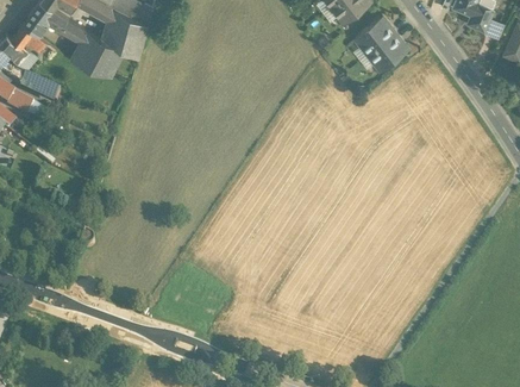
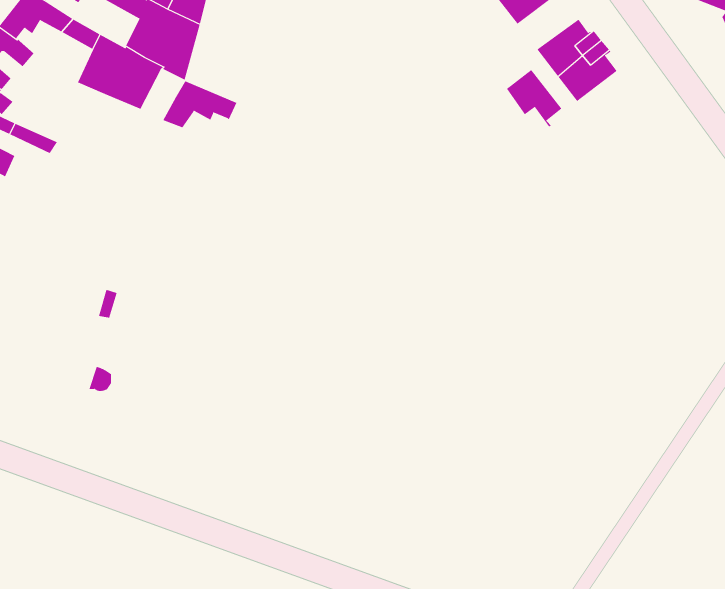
building: none -> [506,69,562,127]
building: none -> [163,81,237,128]

